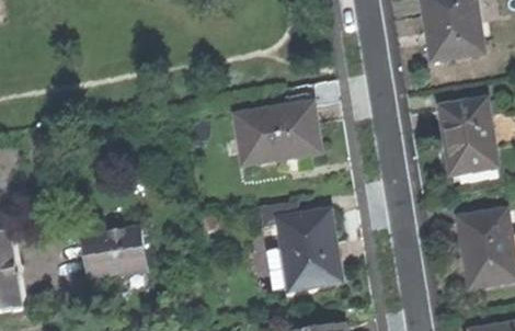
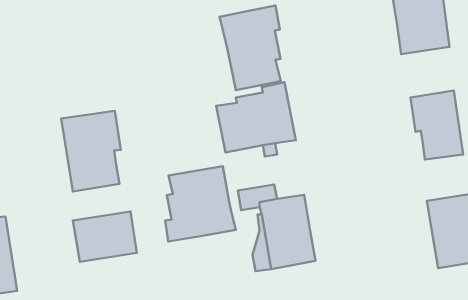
building: none -> [220,5,281,90]
building: none -> [61,111,121,192]
building: none -> [165,166,236,242]

